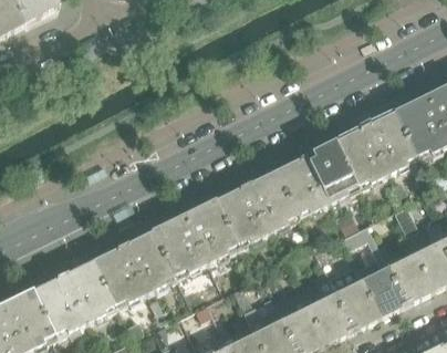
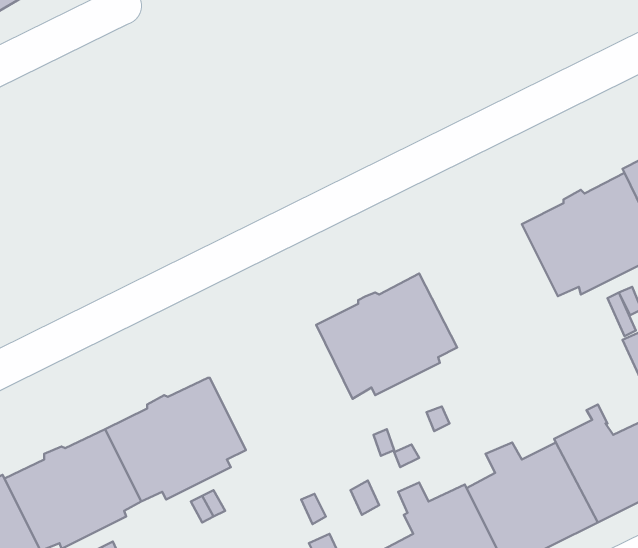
building: [276,142,356,214] -> none
building: [152,198,237,273] -> none

